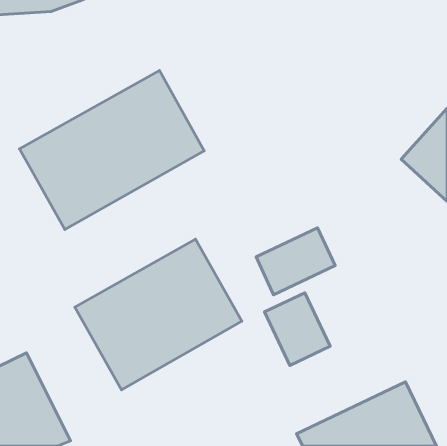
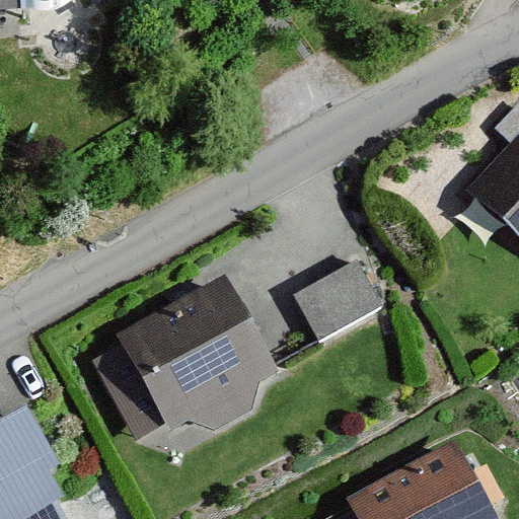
building: [20,71,204,229] -> none
building: [265,293,330,365] -> none

